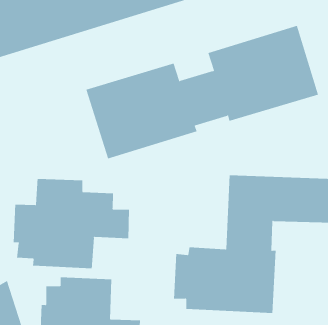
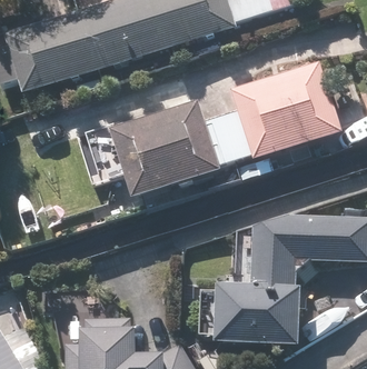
building: [13,178,130,269] -> none

